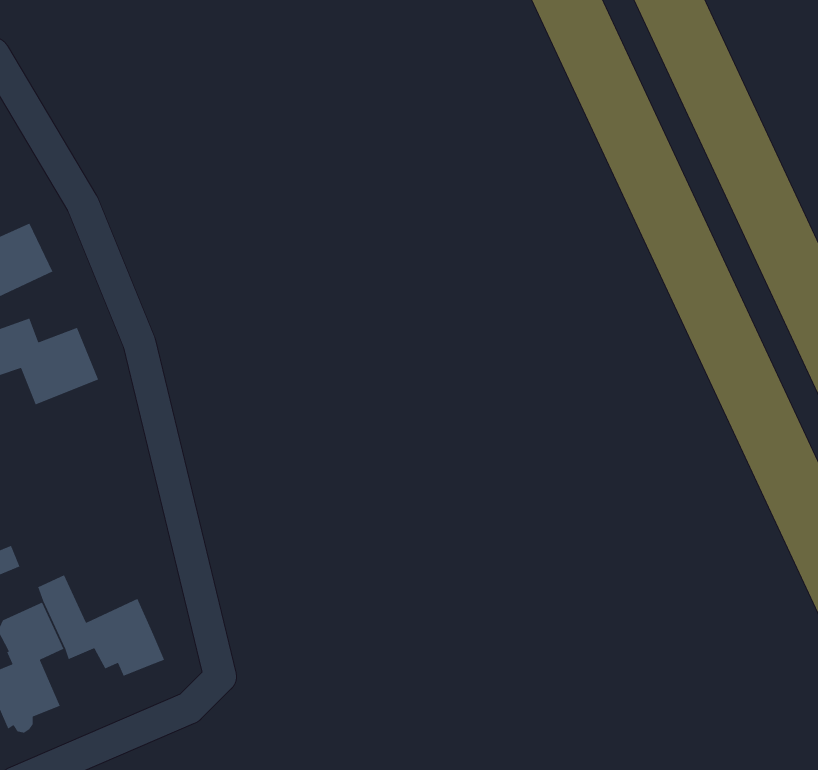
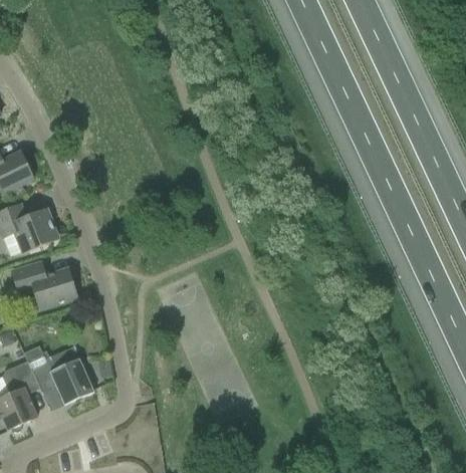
building: none -> [12,261,76,308]

